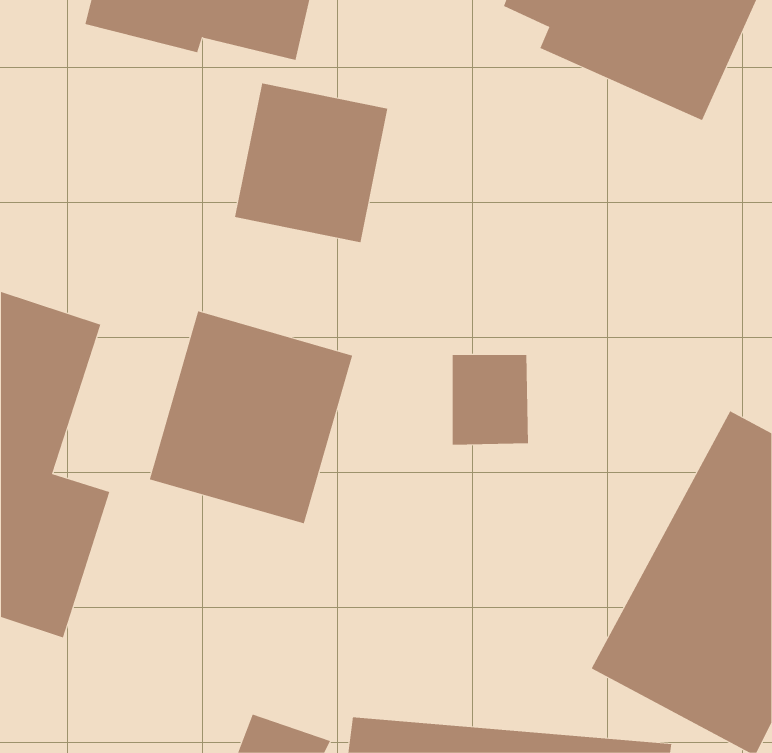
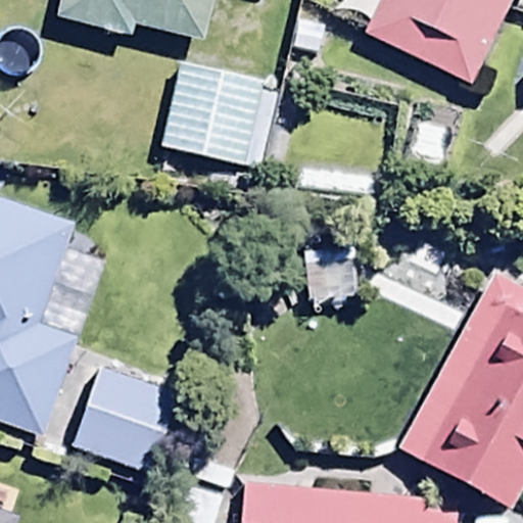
building: [149,311,353,524] -> none
building: none -> [72,367,174,472]

